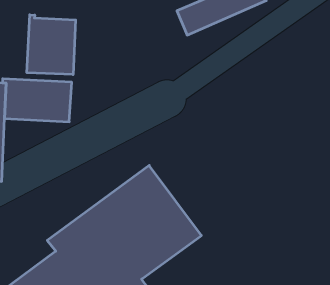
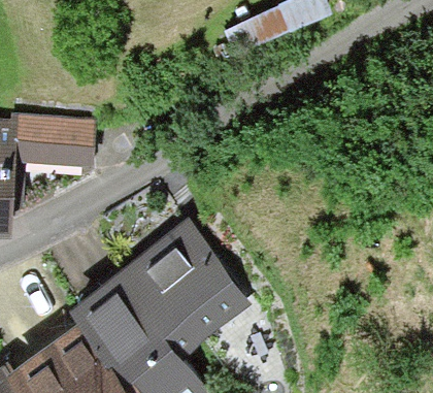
building: [27,15,76,75] -> none

